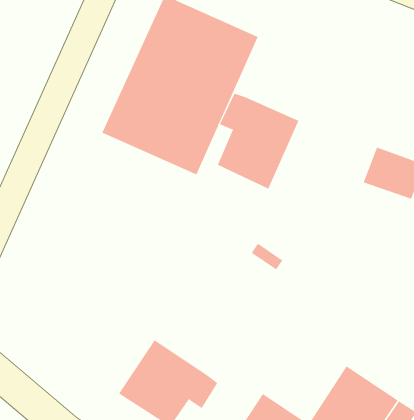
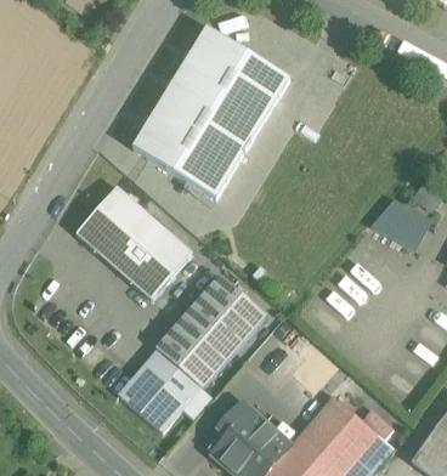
building: [217,93,299,190] -> none
building: none -> [77,186,193,299]
building: none -> [157,274,266,387]

